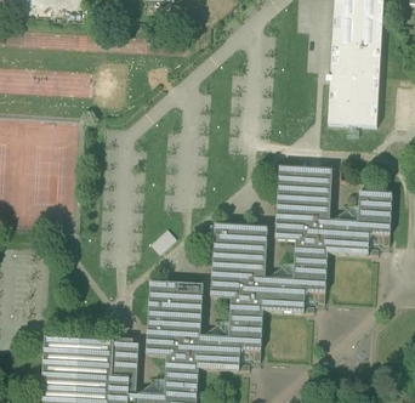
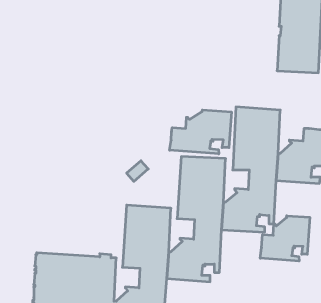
building: none -> [170,110,231,154]
building: none -> [260,216,310,261]

